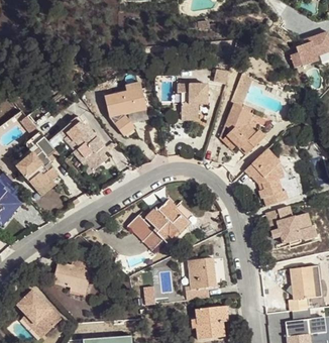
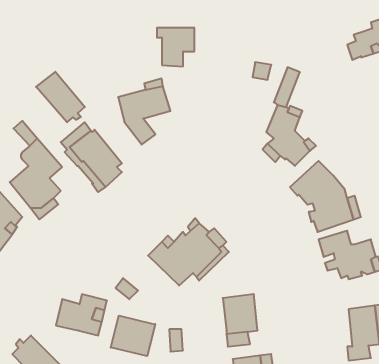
building: none -> [36,72,85,122]
building: [176,85,206,116] -> [157,28,194,66]
building: none -> [111,316,155,356]

